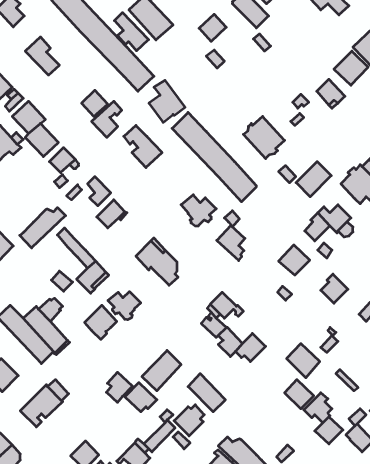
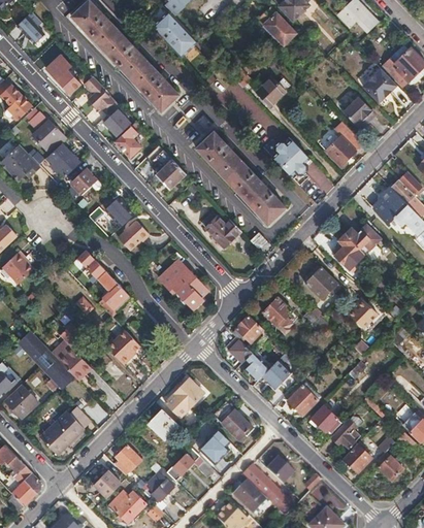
building: [114,13,149,51] -> [84,74,119,113]
building: [199,14,226,41] -> [256,77,284,105]
building: [296,162,331,197] -> [326,128,362,164]
building: [20,208,66,248] -> none
building: [217,225,245,261] -> [262,297,291,333]
building: [108,292,141,320] -> none
building: [287,344,320,378] -> [284,381,318,416]
building: [106,372,133,402] -> [115,444,141,475]
building: none -> [267,454,296,483]

